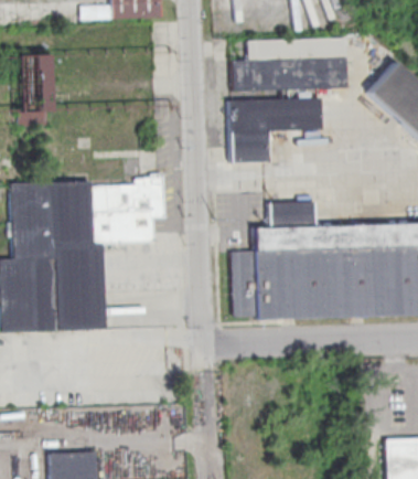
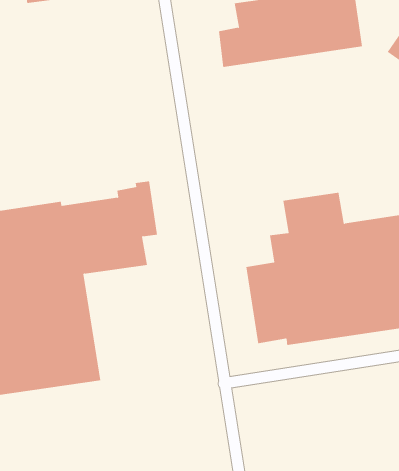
building: [231,97,324,164] -> none

